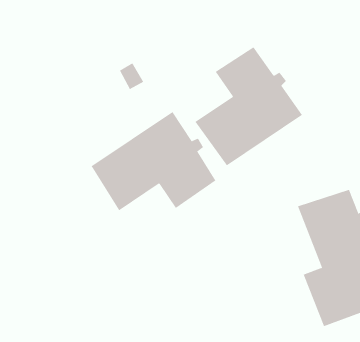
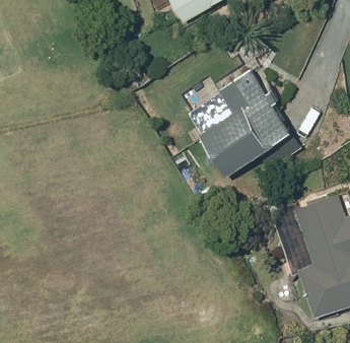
building: [91,111,216,211] -> none

